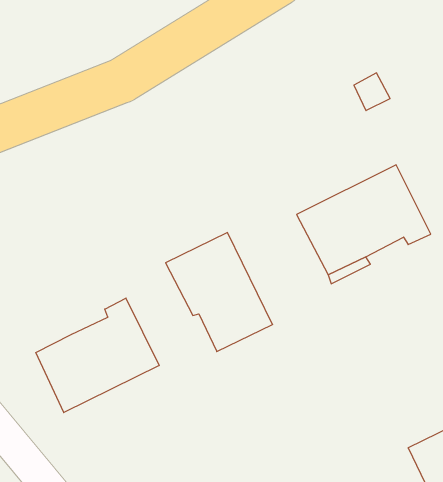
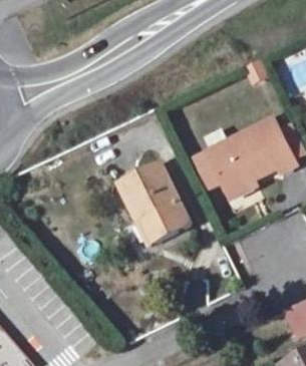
building: [36,298,159,413] -> none

